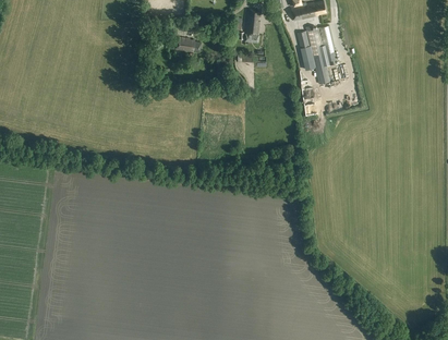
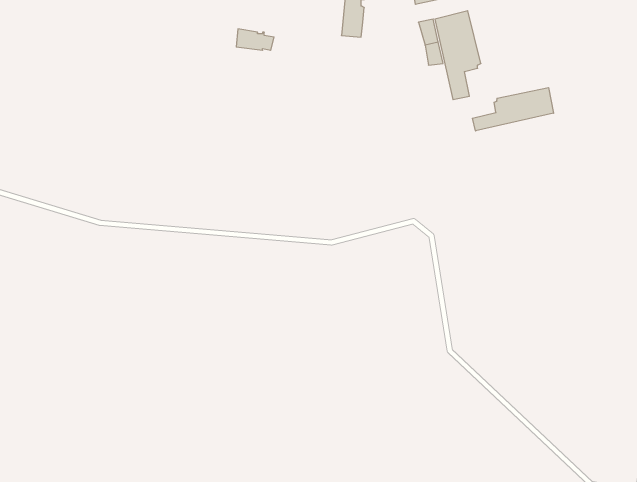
building: none -> [472,88,554,131]

